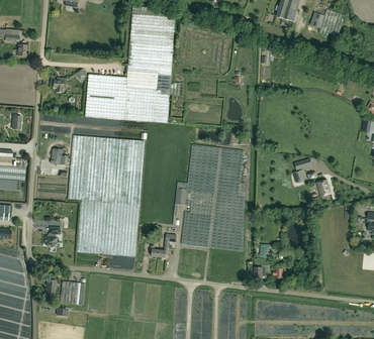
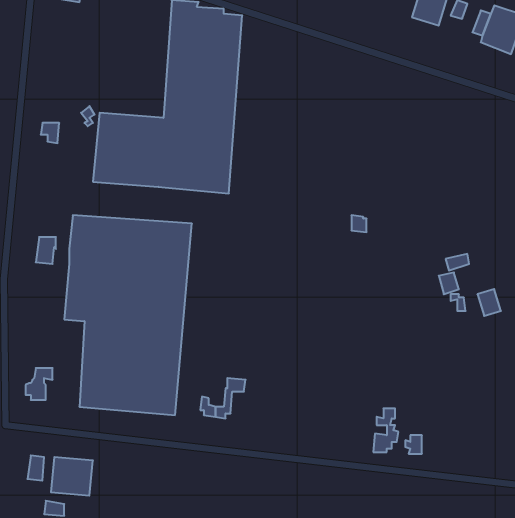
building: [173,144,246,251] -> none

